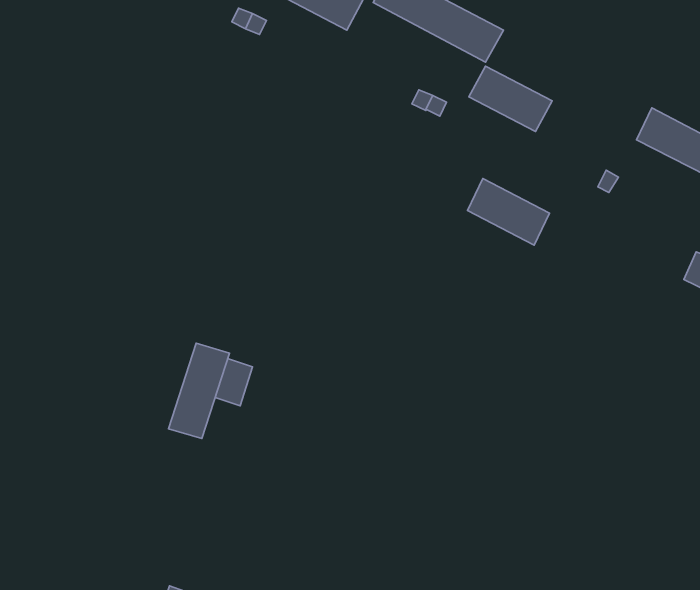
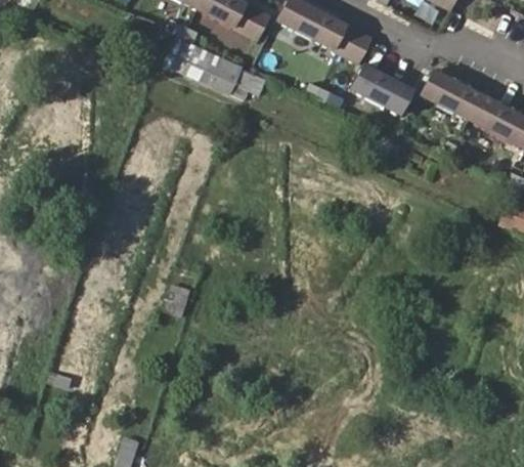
building: none -> [172,41,257,101]
building: [468,179,549,245] -> [423,71,483,120]
building: [169,343,229,439] -> none

